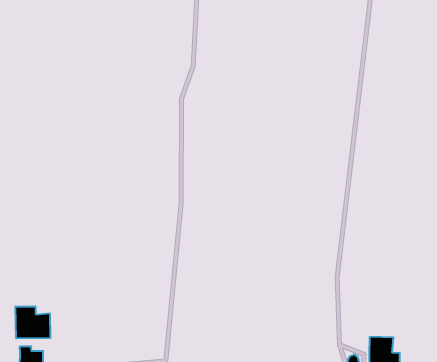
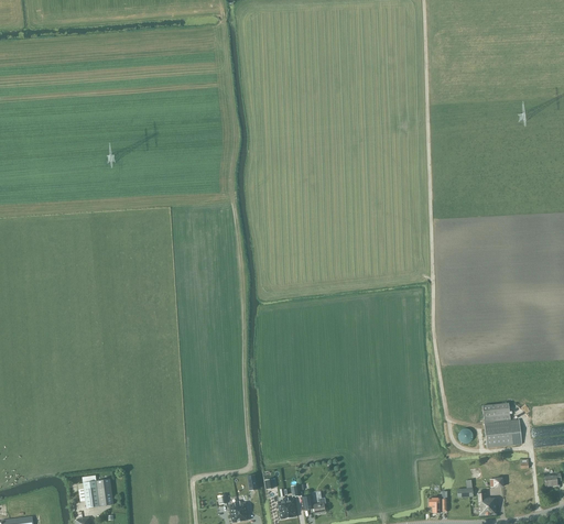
building: [16,306,50,338] -> none

